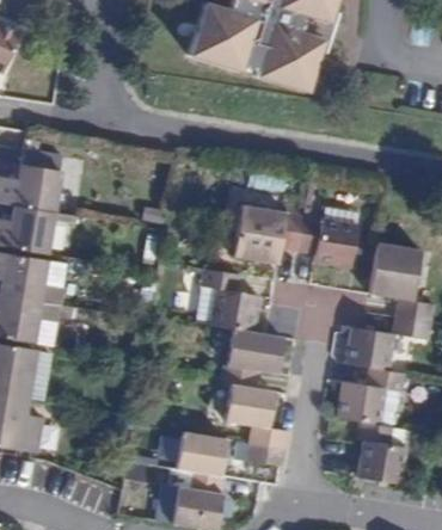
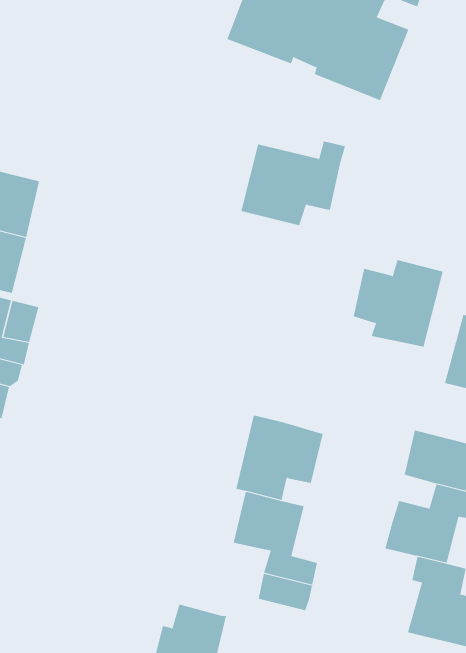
building: [232,201,305,264] -> [241,141,346,226]
building: [199,269,260,332] -> none
building: [176,432,226,476] -> none

